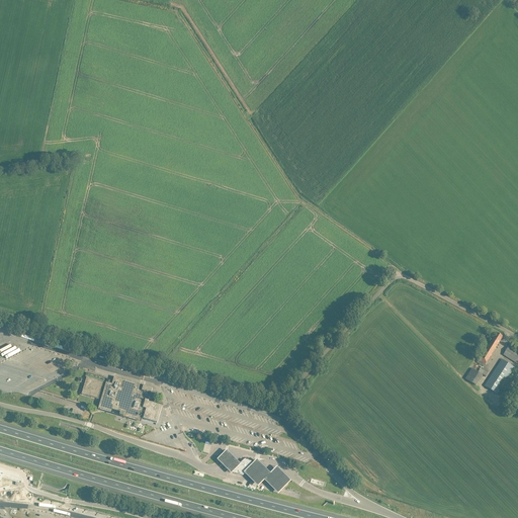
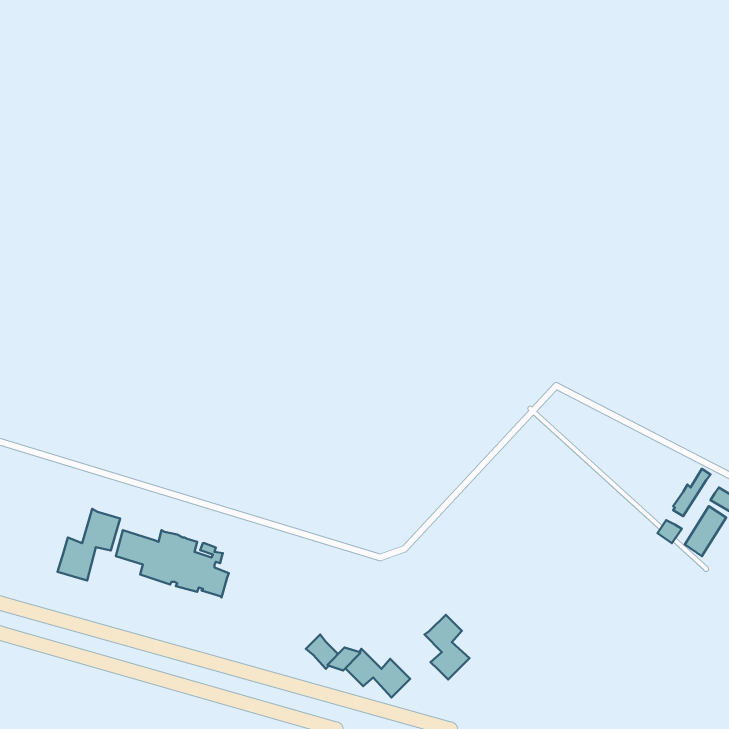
building: none -> [58,509,120,581]
building: none -> [425,615,469,680]

